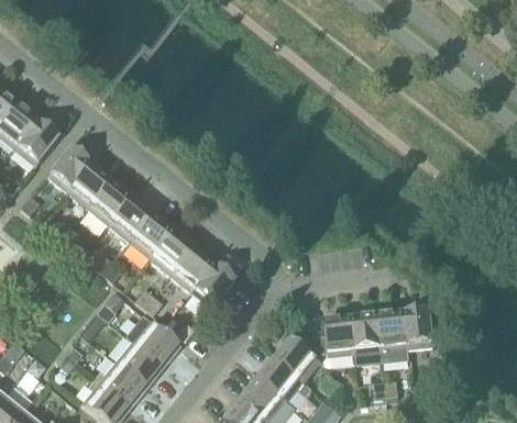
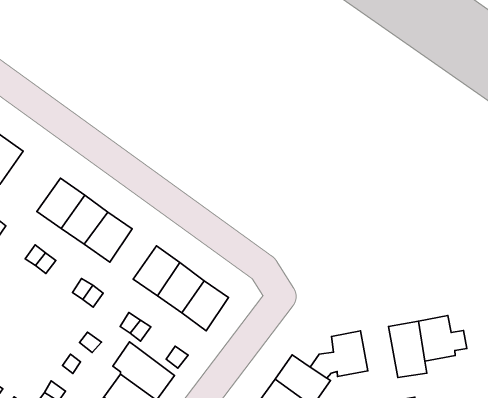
building: [45,146,89,192] -> none
building: [129,213,172,258] -> none
building: [350,315,381,365] -> none

